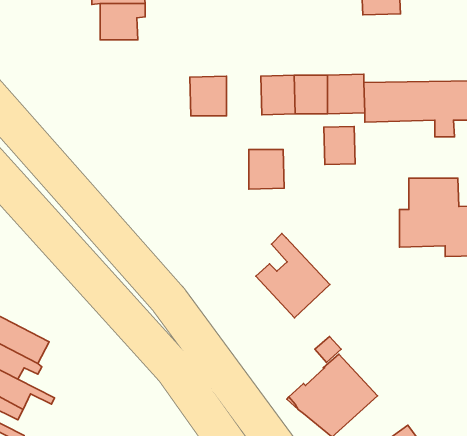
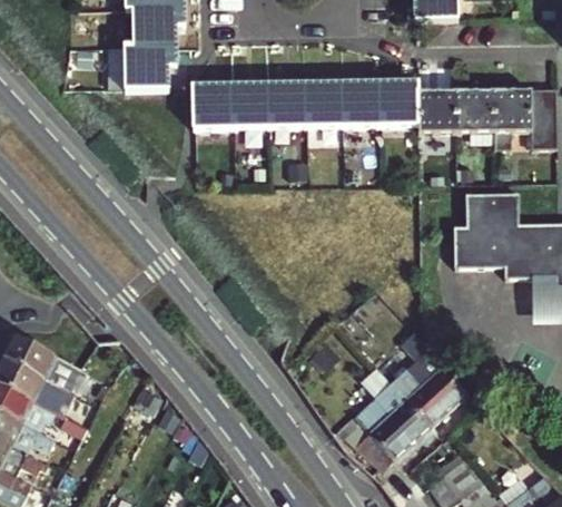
building: none -> [126,46,176,87]
building: none -> [195,86,233,128]
building: [324,127,355,164] -> none
building: [249,150,284,189] -> [270,85,308,127]
building: [256,234,330,318] -> [391,337,470,427]

